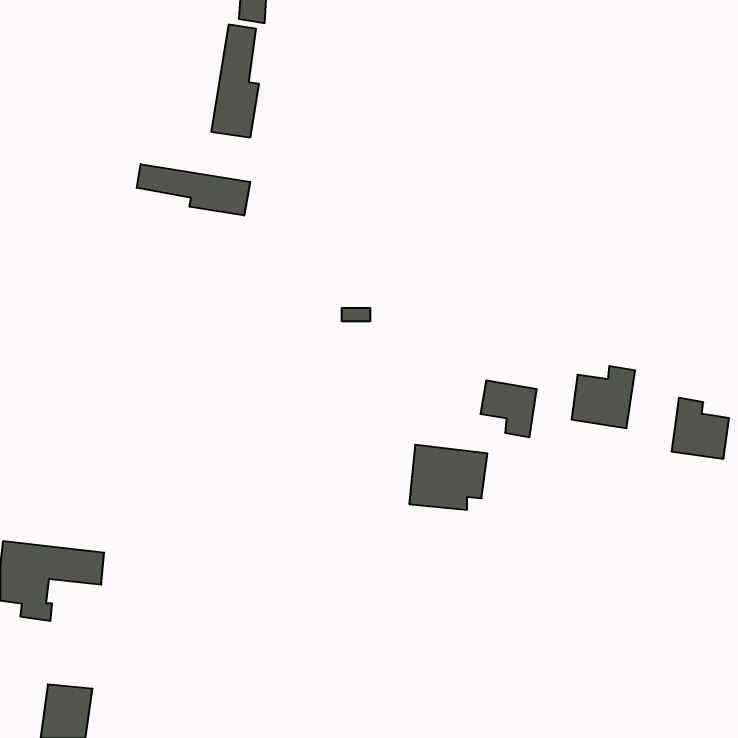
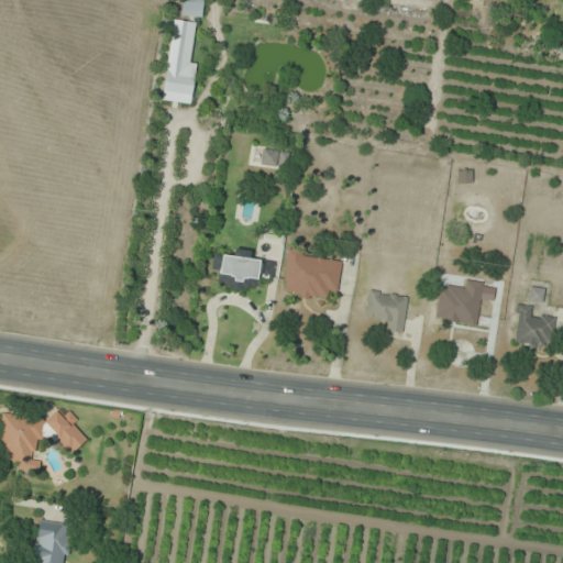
building: [137,164,250,216] -> none
building: none -> [260,147,290,169]
building: none -> [214,249,275,288]
building: [409,445,487,510] -> [284,251,343,300]

